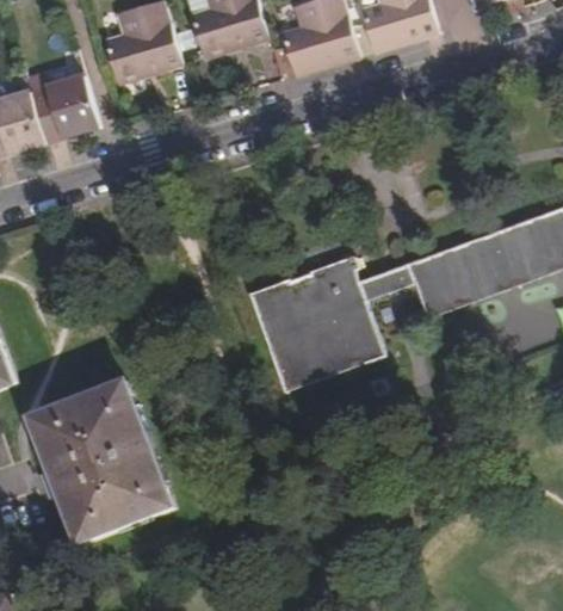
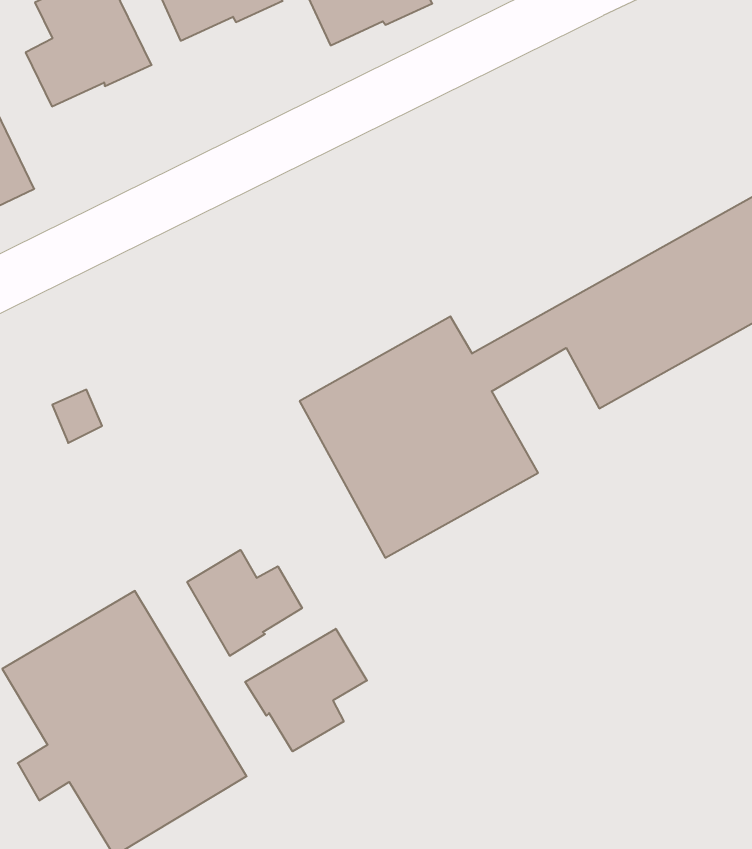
building: none -> [187,550,302,656]
building: none -> [245,629,367,751]

